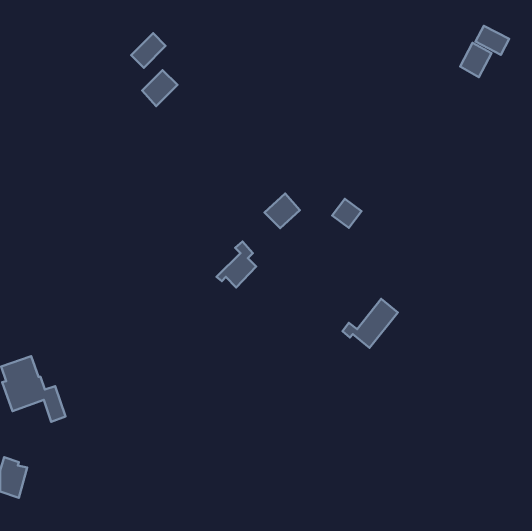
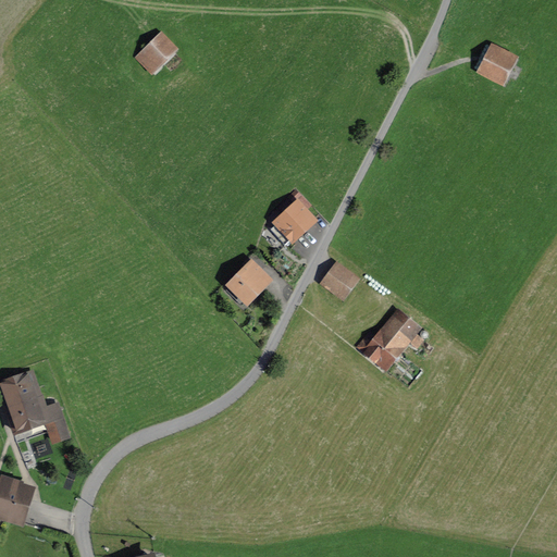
building: [476,26,509,55] -> none
building: [142,70,177,106] -> none
building: [332,199,361,228] -> [324,265,355,296]

